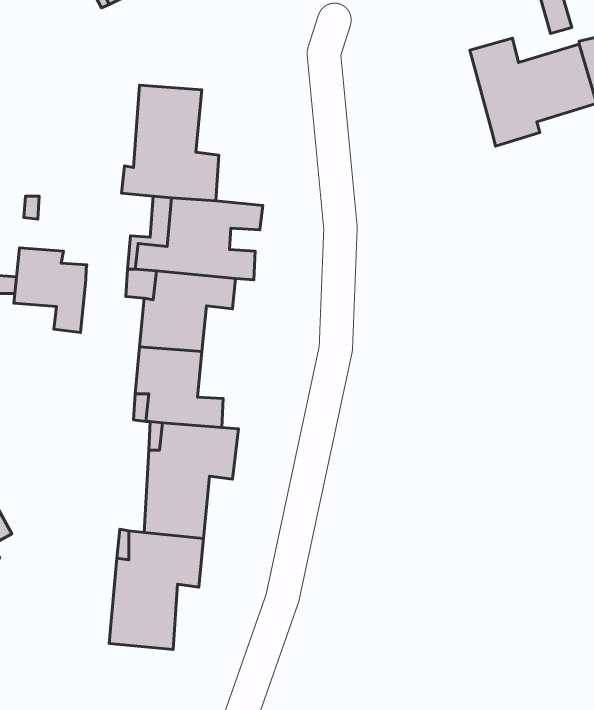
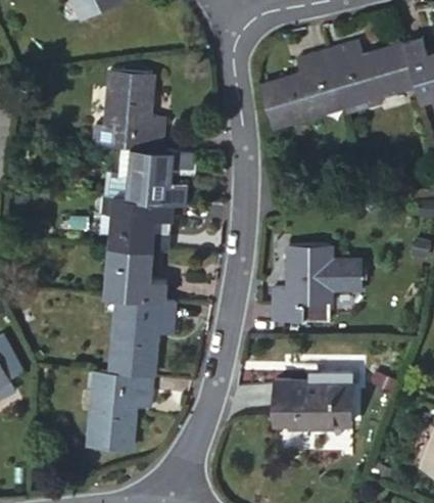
building: none -> [260,48,346,126]
building: [14,248,87,333] -> none
building: none -> [274,245,368,321]
building: none -> [274,371,351,423]

